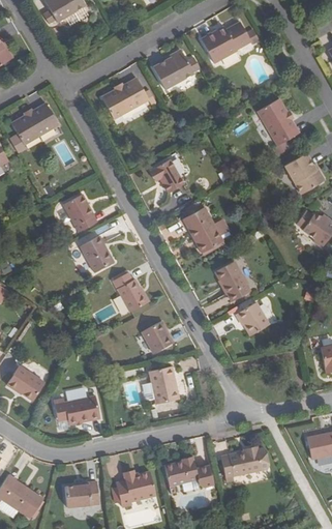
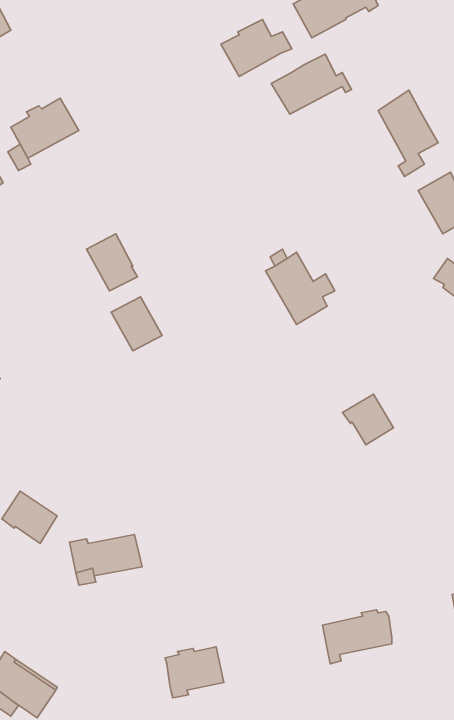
building: [101,78,155,118] -> [271,54,352,114]
building: [151,159,183,193] -> none
building: [214,261,249,300] -> none
building: [113,272,147,313] -> none
building: [142,321,173,353] -> none
building: [149,366,179,404] -> none
building: [164,457,214,488] -> none
building: [64,481,98,507] -> none

